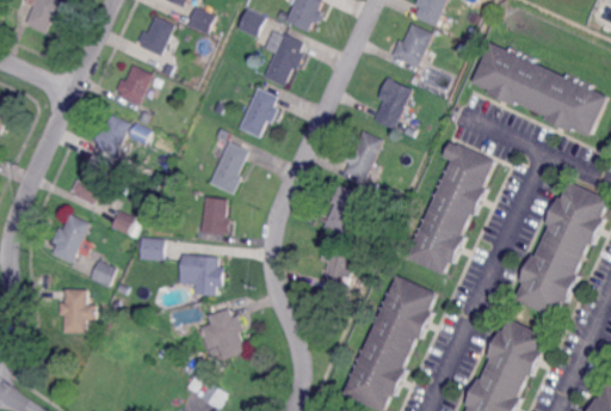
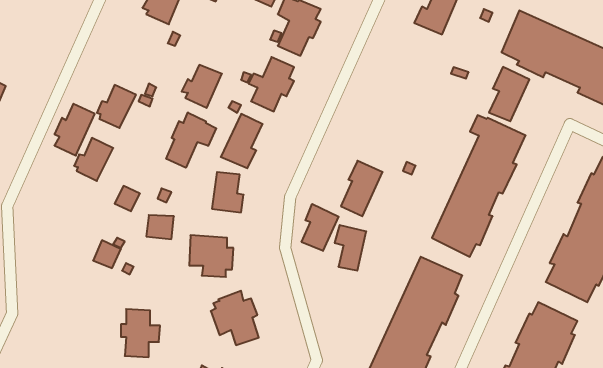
building: [113,65,152,105] -> [182,65,222,108]
building: [375,80,413,131] -> [489,67,529,121]
building: [345,133,385,183] -> none
building: none -> [166,112,216,168]
building: [50,213,88,262] -> [54,104,95,156]
building: none -> [302,204,339,251]
building: [58,288,95,333] -> [121,309,160,357]

